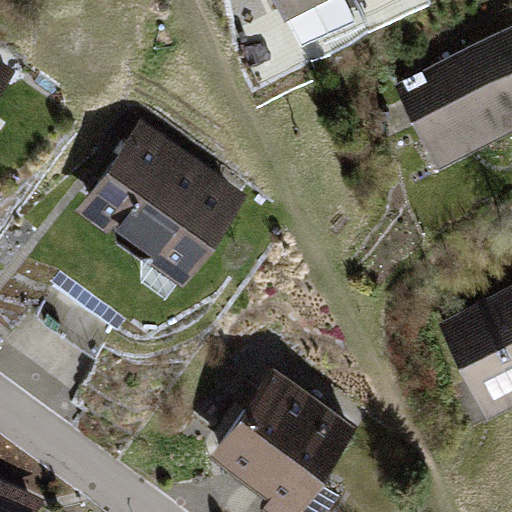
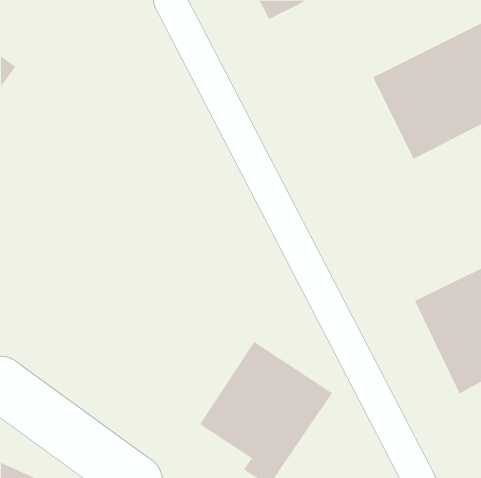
building: [78,123,249,290] -> none

